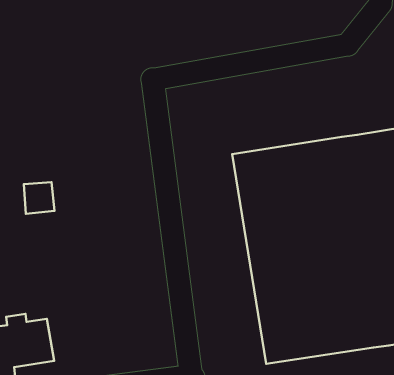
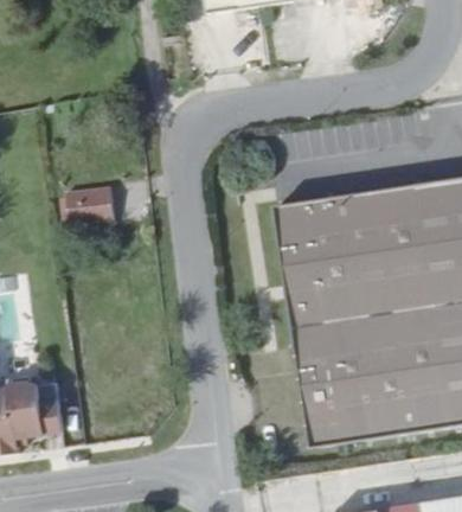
building: [24,182,54,214] -> [77,190,113,226]

